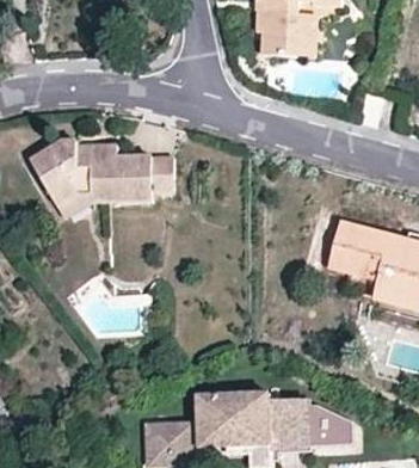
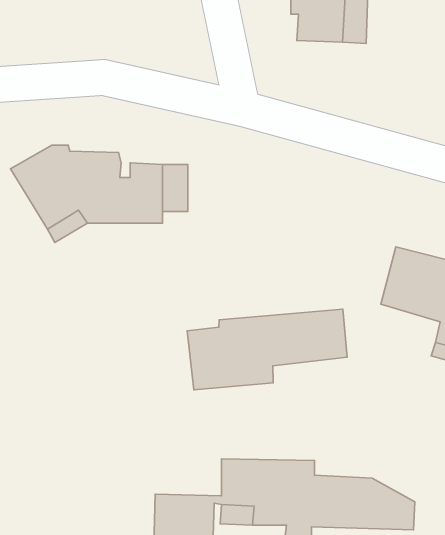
building: none -> [187,309,347,390]

